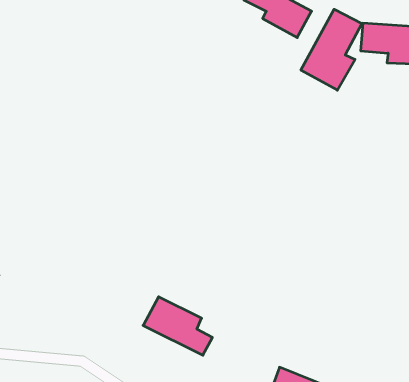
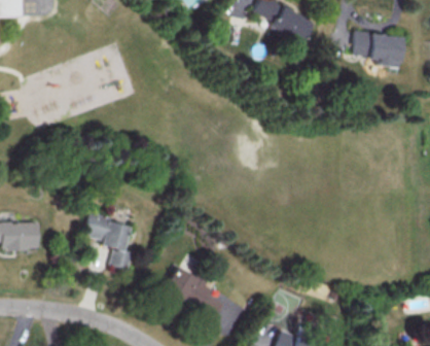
building: [301,9,362,90] -> none
building: none -> [84,212,135,269]

